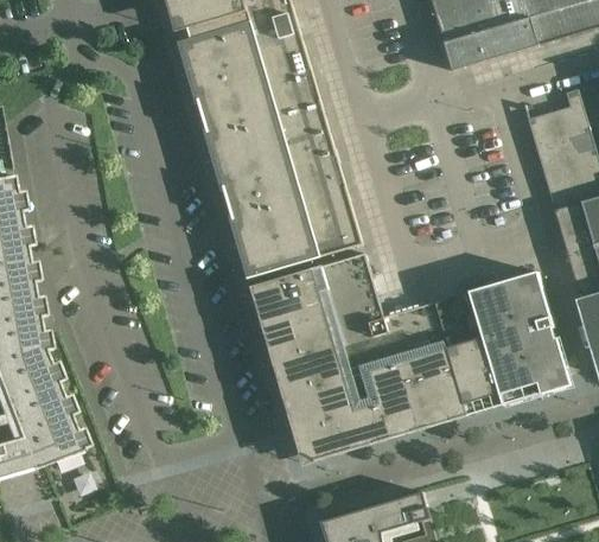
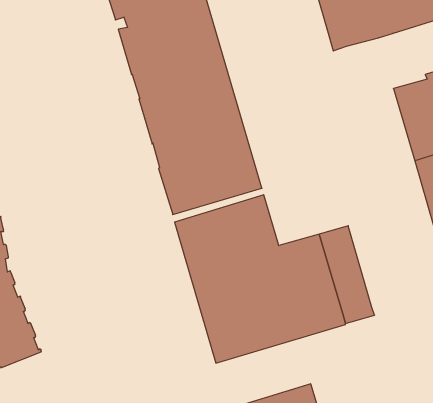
building: [470,270,571,404] -> none

